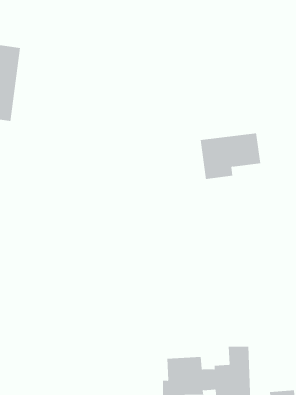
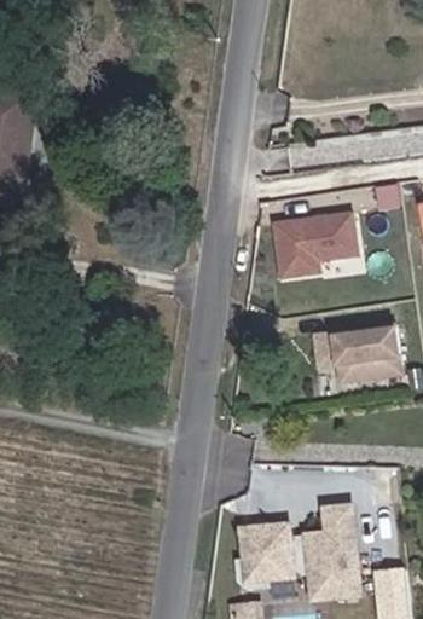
building: none -> [319,329,406,383]

